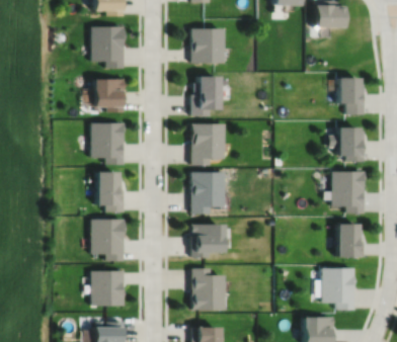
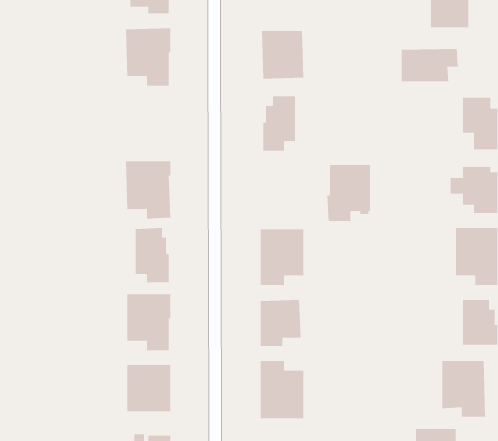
building: none -> [401,48,458,82]
building: [96,78,126,112] -> none
building: [190,123,223,165] -> [326,165,371,221]

